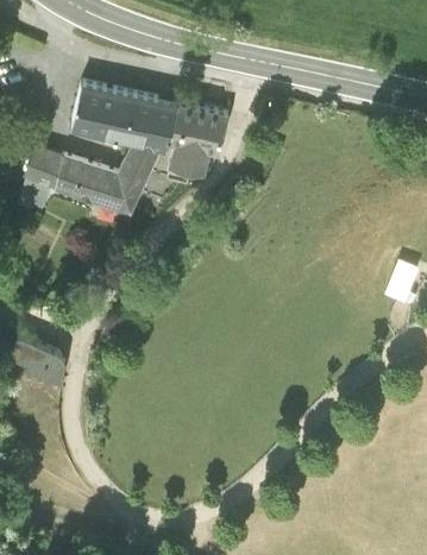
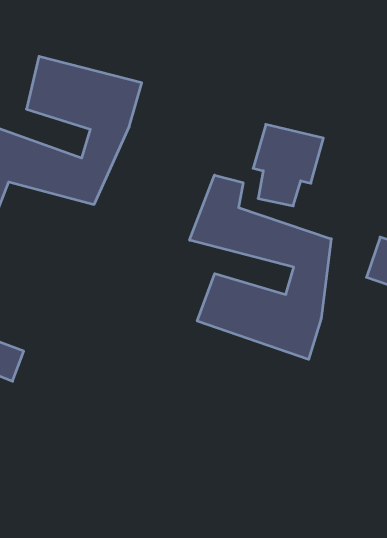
building: [165,103,232,181] -> [253,124,323,206]
building: none -> [190,175,331,359]

